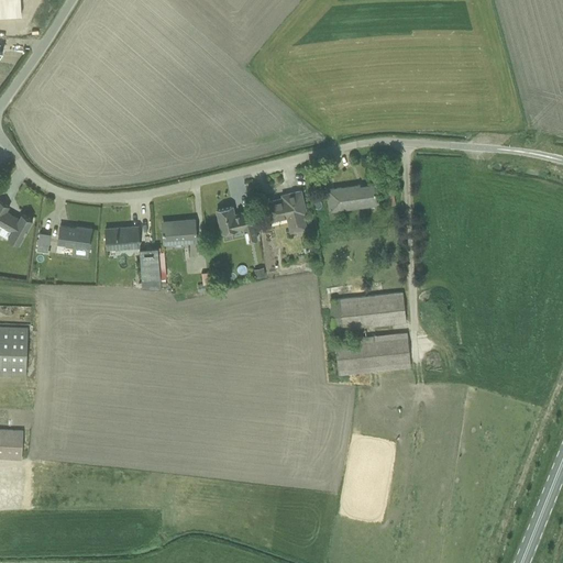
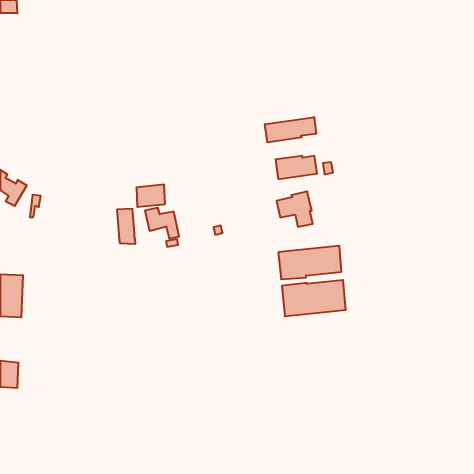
building: none -> [265,117,316,142]
building: [264,191,307,233] -> [277,191,313,227]
building: [217,207,257,243] -> [145,208,179,238]
building: [57,227,91,256] -> none
building: [104,227,139,250] -> none

